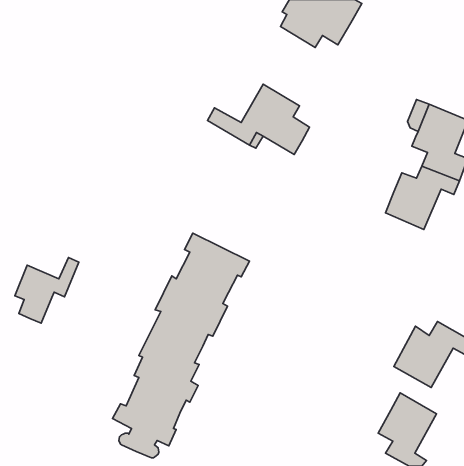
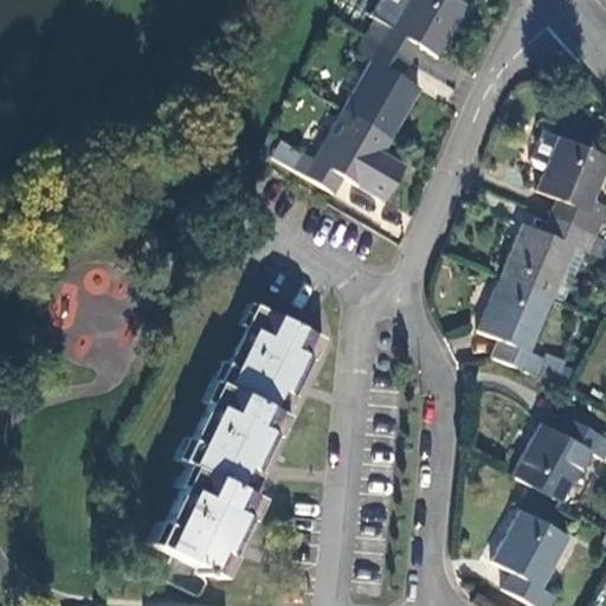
building: none -> [344,34,421,137]
building: none -> [481,276,553,376]
building: [15,258,79,323] -> none

